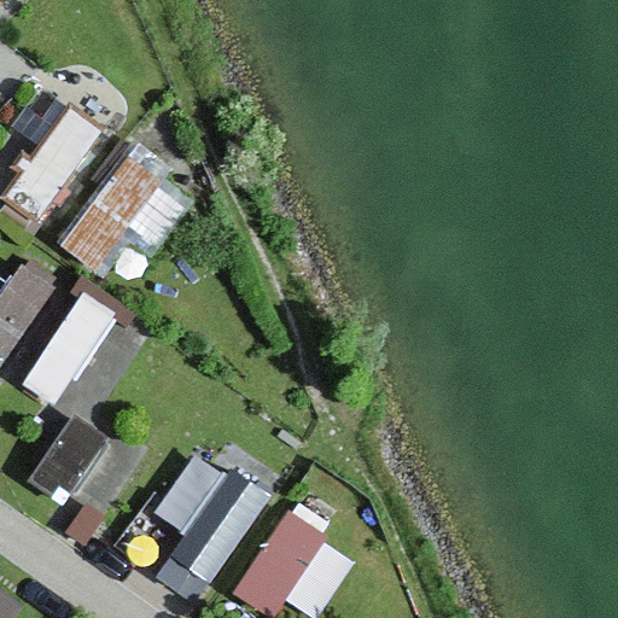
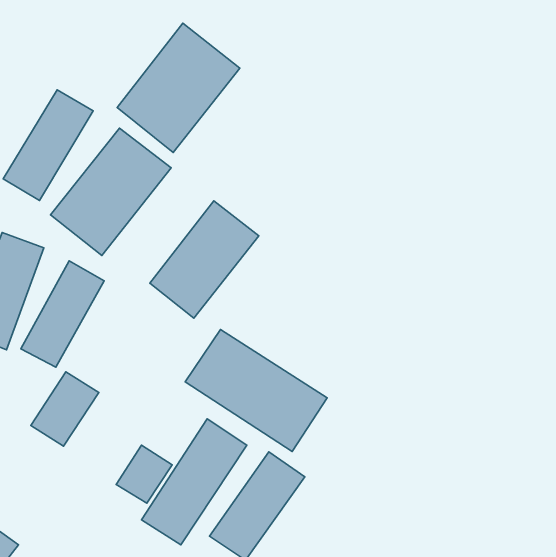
building: none -> [117,23,240,153]
building: none -> [150,201,259,318]
building: none -> [185,329,327,452]

